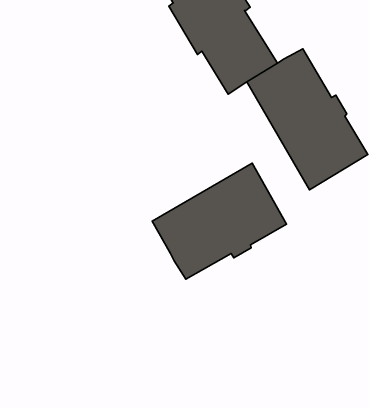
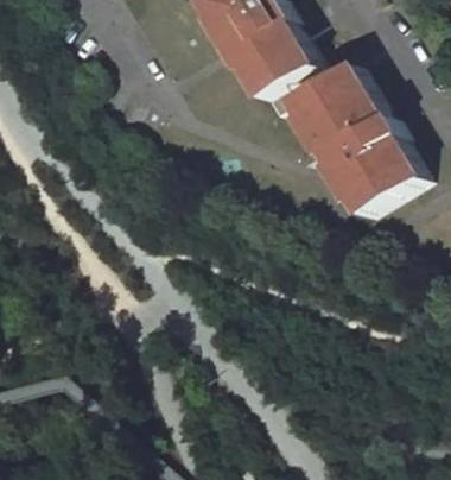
building: [152,163,287,279] -> none

